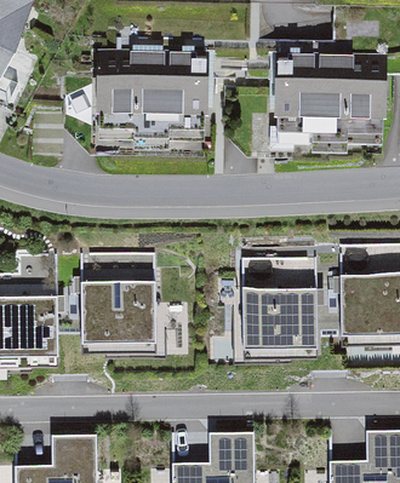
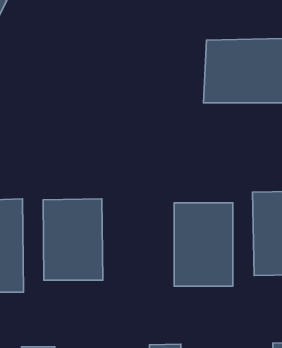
building: [97,53,213,134] -> none

